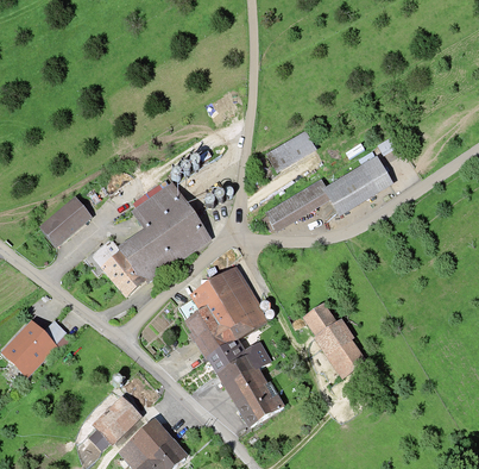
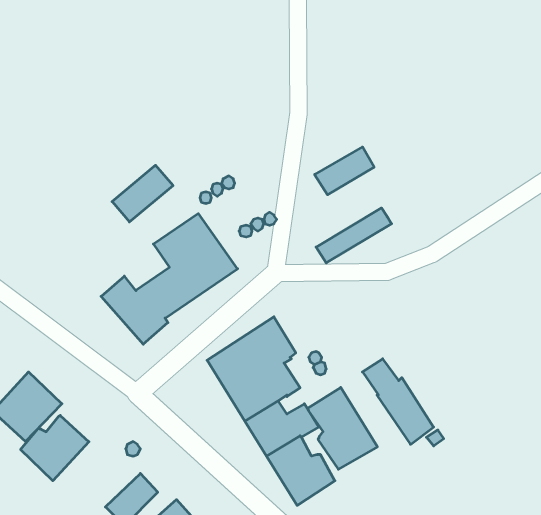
building: [326,160,387,210] -> none
building: [40,199,90,245] -> [112,165,173,222]
building: none -> [308,387,377,469]
building: none -> [21,415,89,481]

